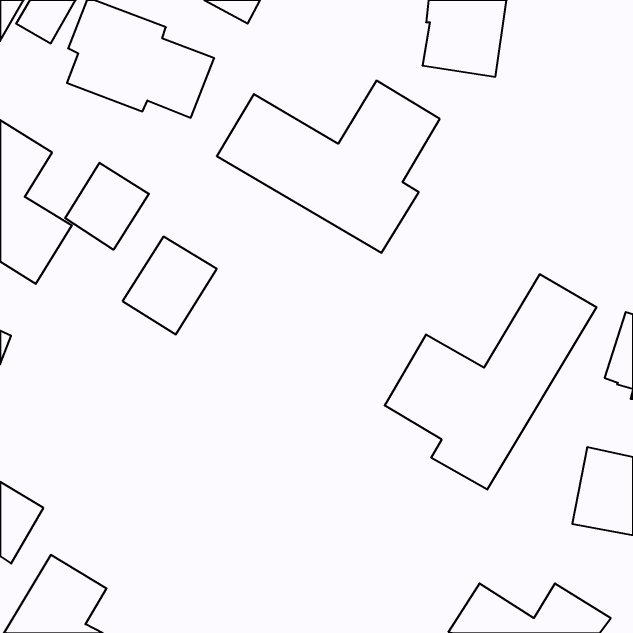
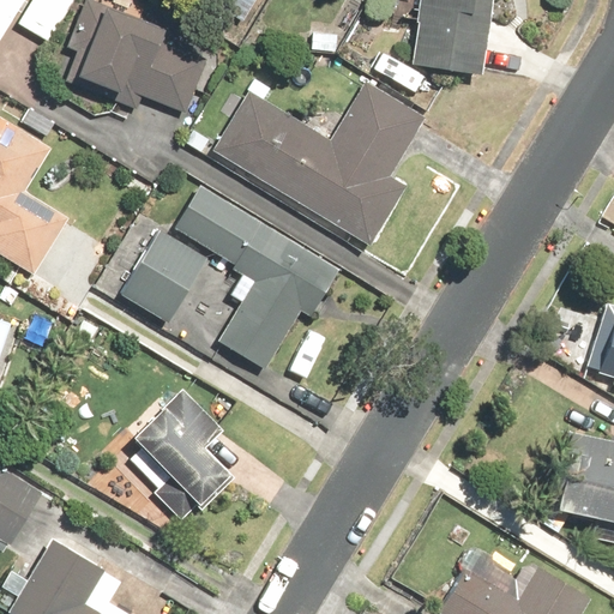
building: [65,163,149,250] -> none
building: none -> [171,183,338,368]
building: [385,274,596,490] -> none
building: none -> [130,387,234,520]

